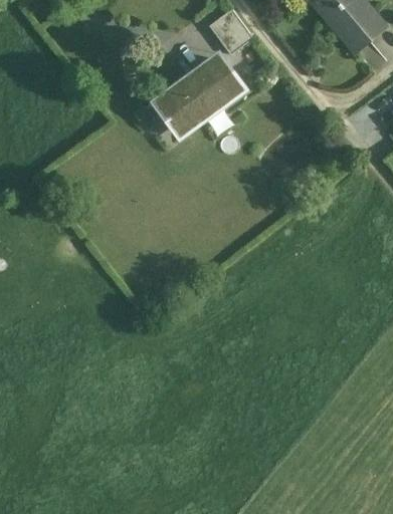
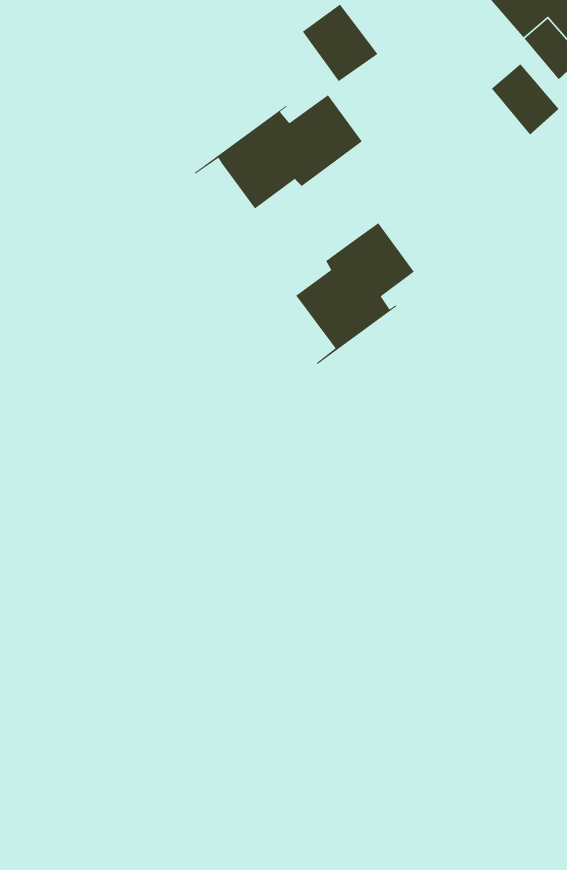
building: none -> [491,63,560,136]
building: none -> [295,222,415,365]

